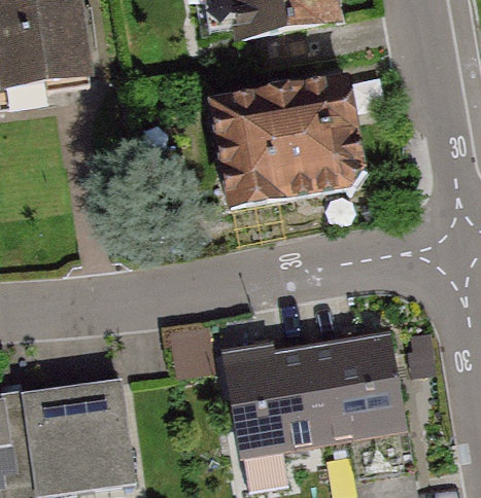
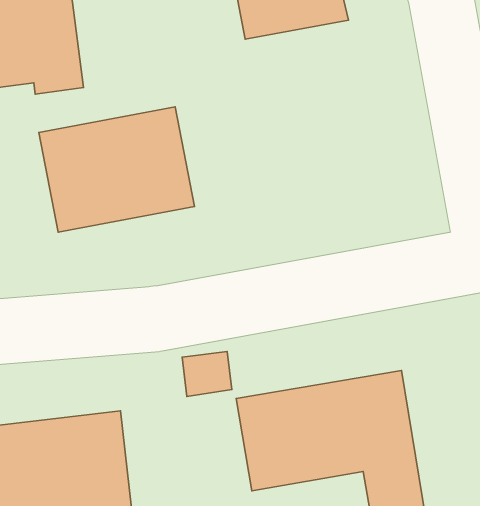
building: [210,77,358,207] -> none
building: none -> [39,107,195,232]

